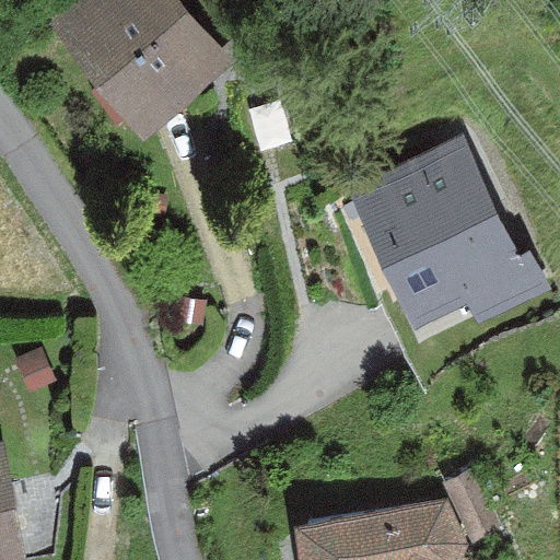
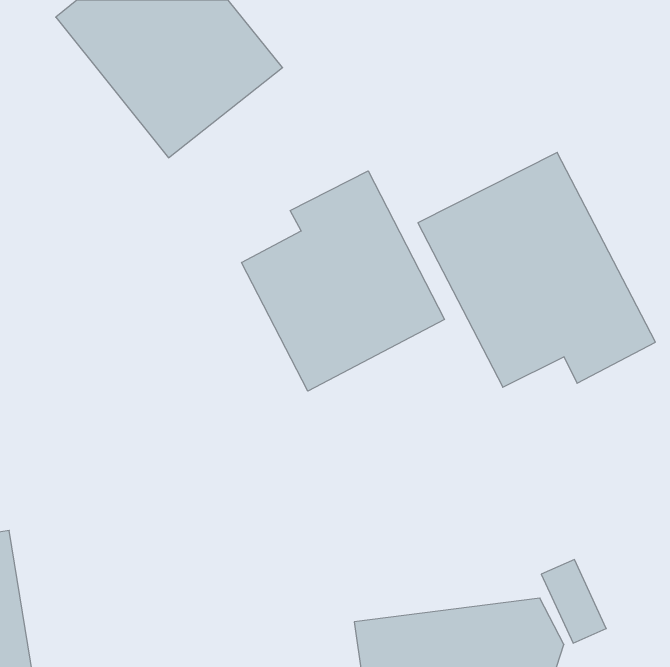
building: none -> [242,171,444,391]

